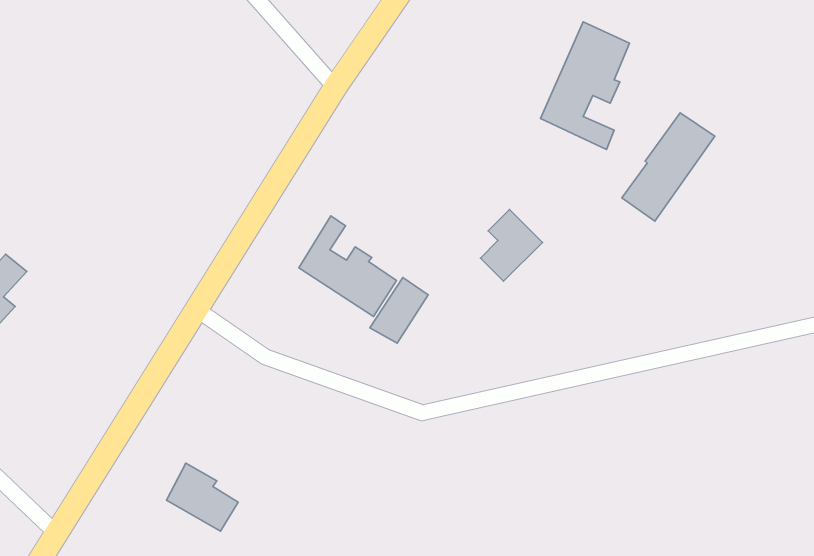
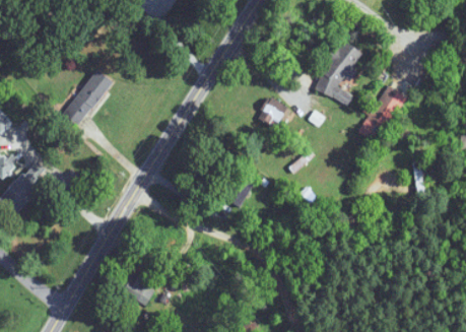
building: none -> [62,69,113,127]
building: none -> [257,101,286,126]
building: [299,216,397,317] -> none

